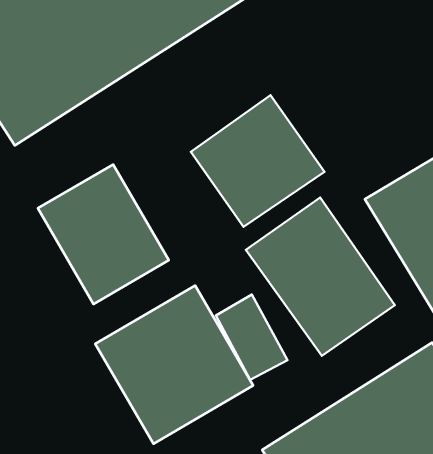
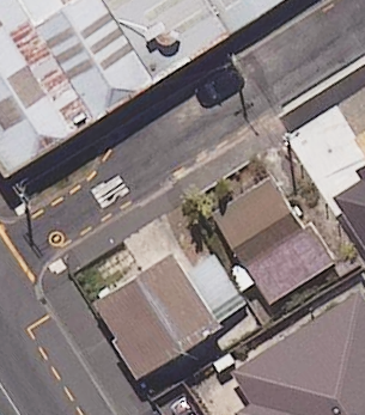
building: [191,95,324,227] -> none
building: [38,164,169,304] -> none

